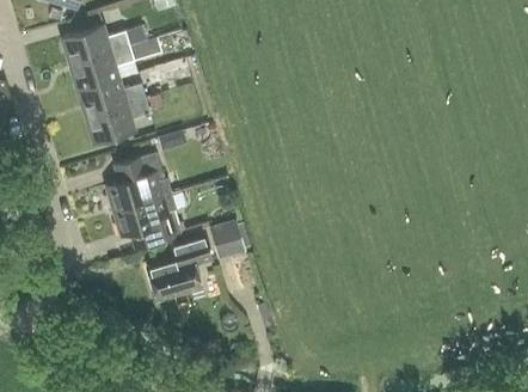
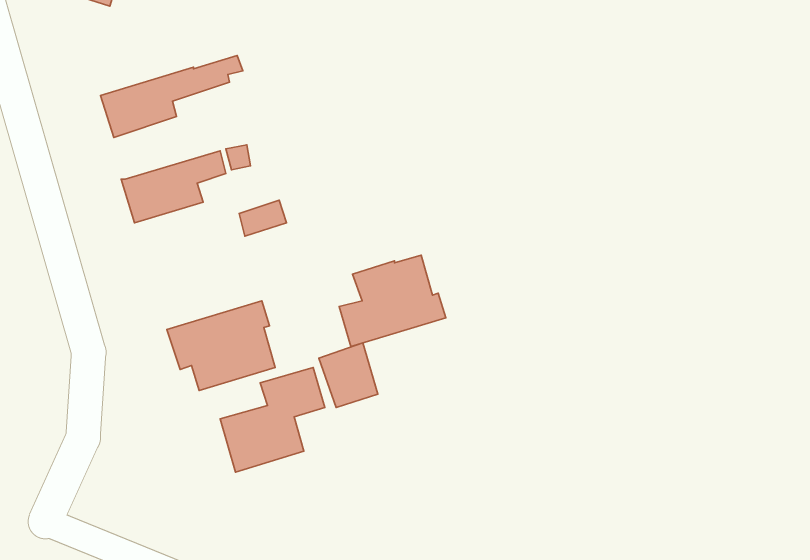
building: [61,24,147,63] -> none
building: [80,76,147,116] -> none
building: [106,153,173,210] -> [339,255,446,346]

